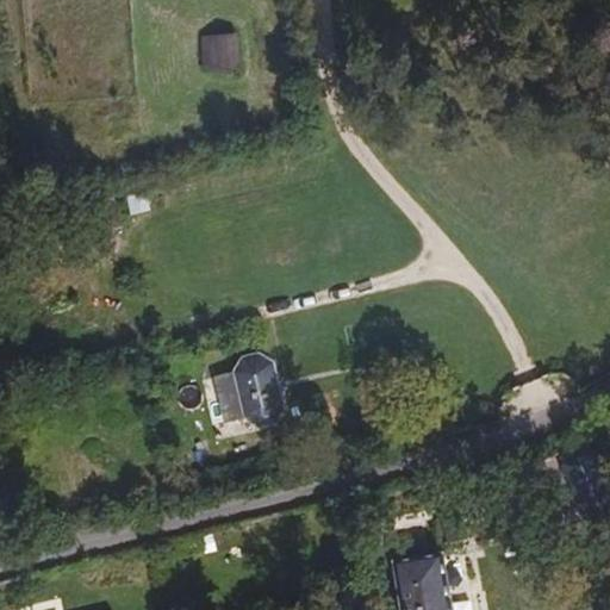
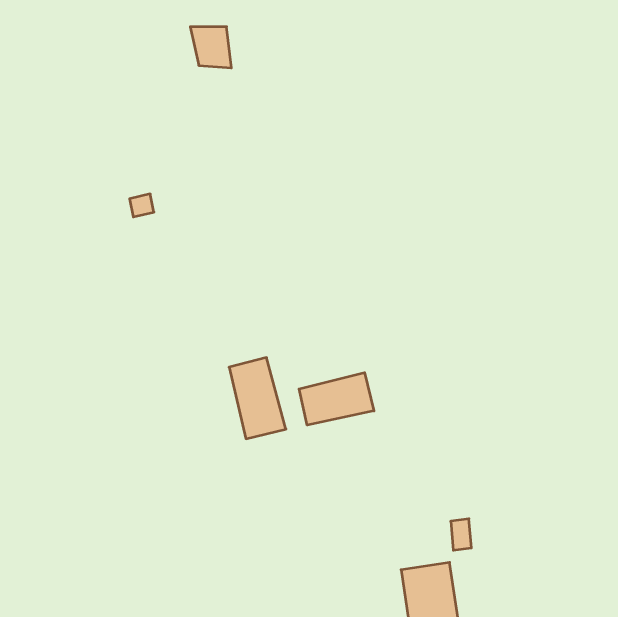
building: none -> [299,373,374,425]

